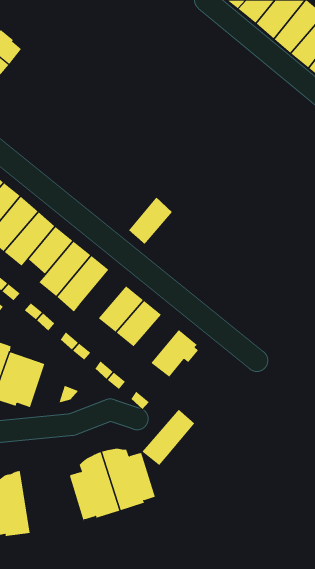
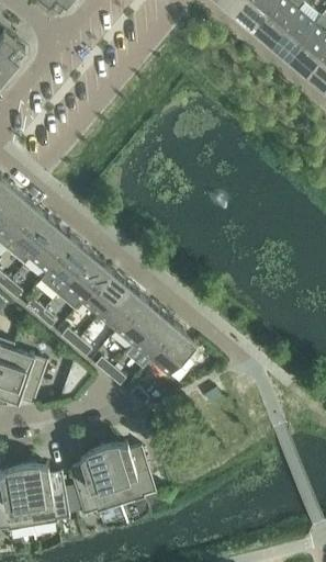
building: [128,197,173,245] -> [81,268,125,315]
building: [142,409,195,466] -> [124,312,177,368]
building: none -> [22,463,69,526]

